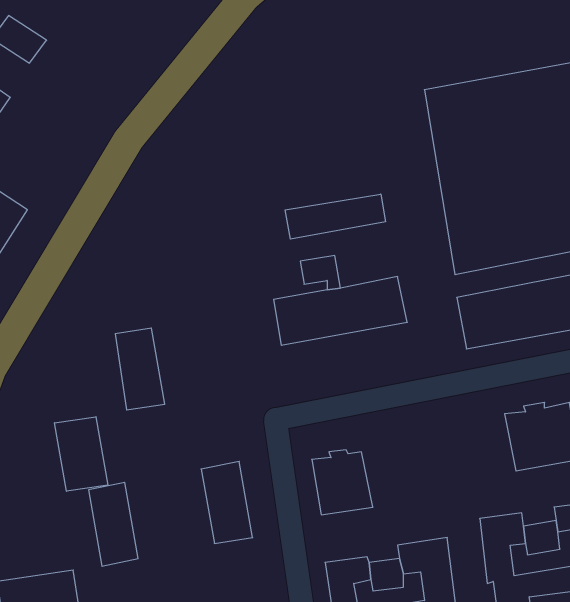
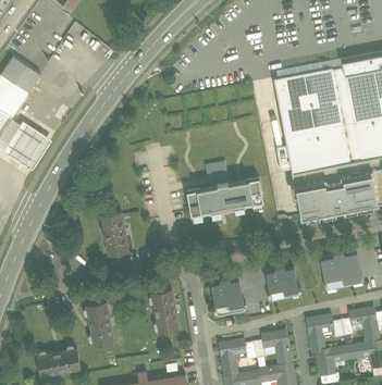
building: [285,194,385,239] -> none
building: [55,417,108,491] -> none
building: none -> [267,264,300,301]

